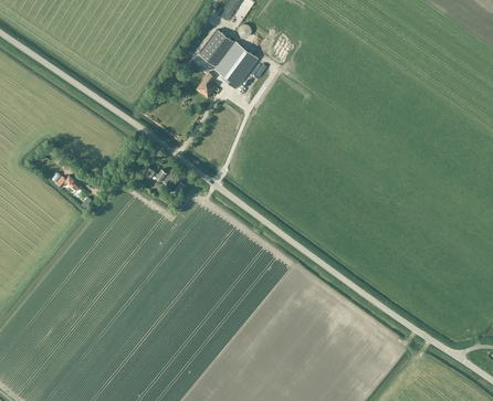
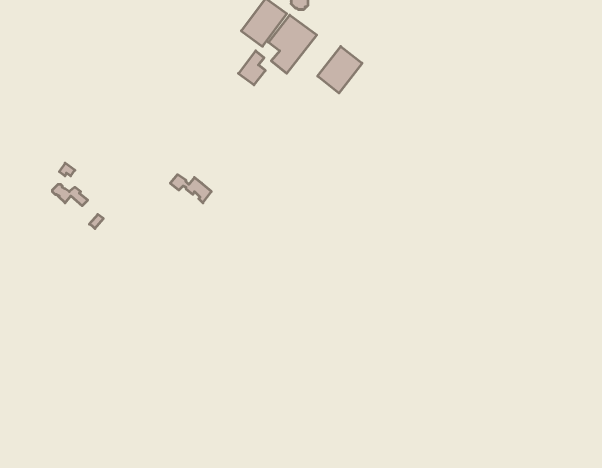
building: none -> [318,46,362,93]

